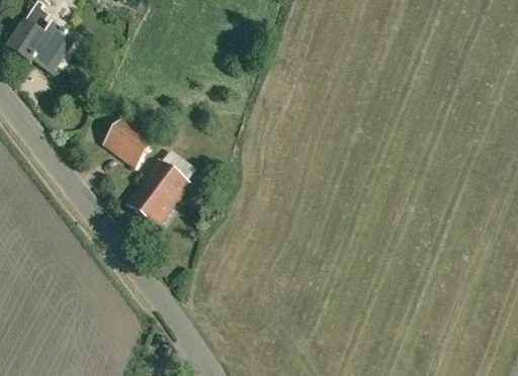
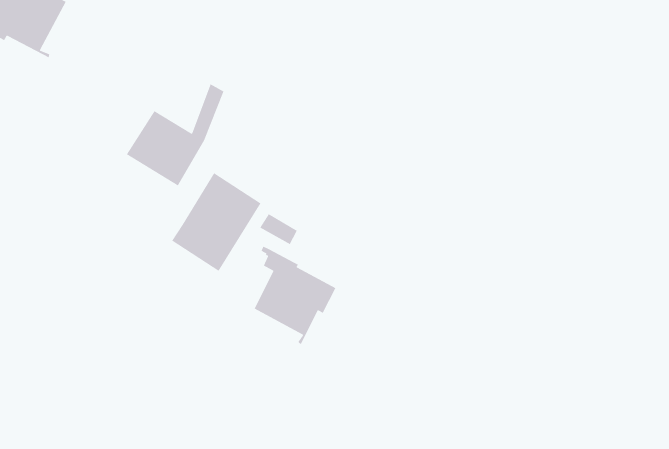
building: none -> [253,245,336,345]

